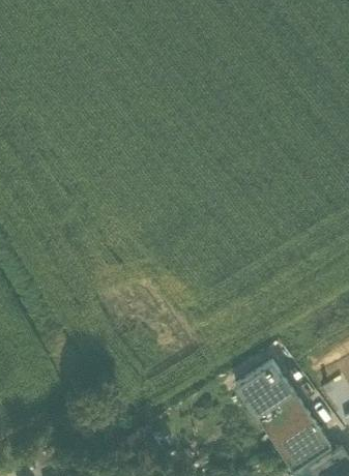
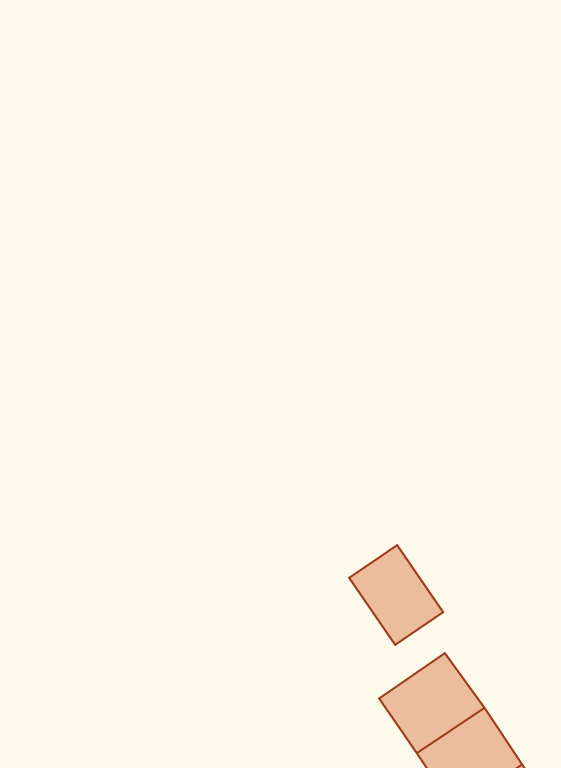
building: none -> [349,545,443,645]

